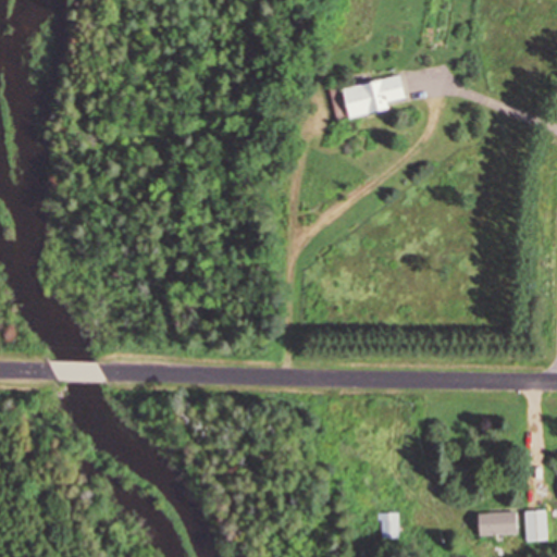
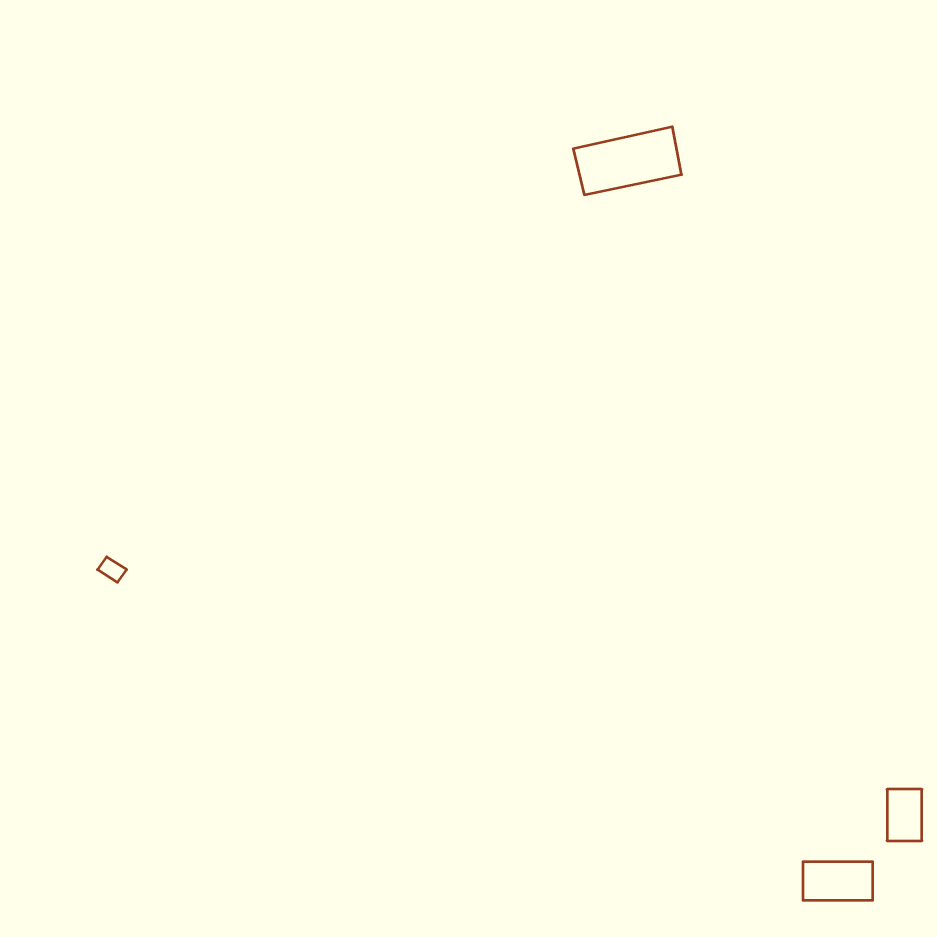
building: [527,510,547,541] -> [887,789,922,841]
building: [380,512,400,539] -> none

